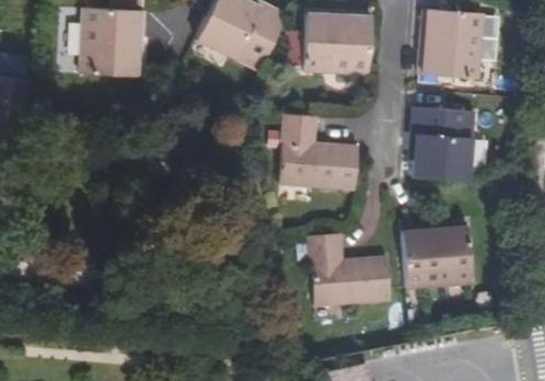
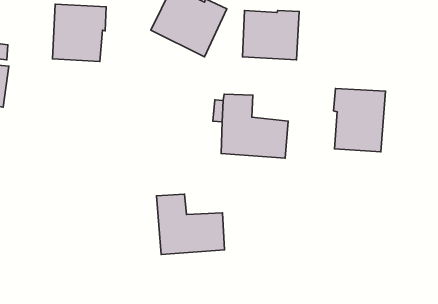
building: [422,8,485,79] -> none
building: [403,229,472,287] -> none
building: [311,233,391,304] -> [157,194,224,254]

